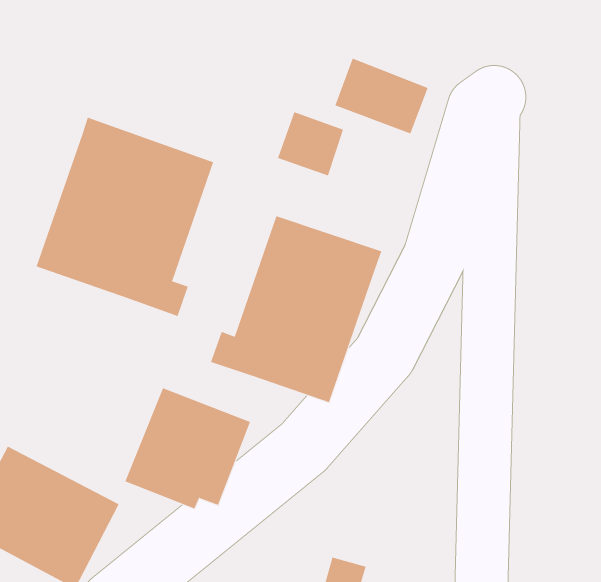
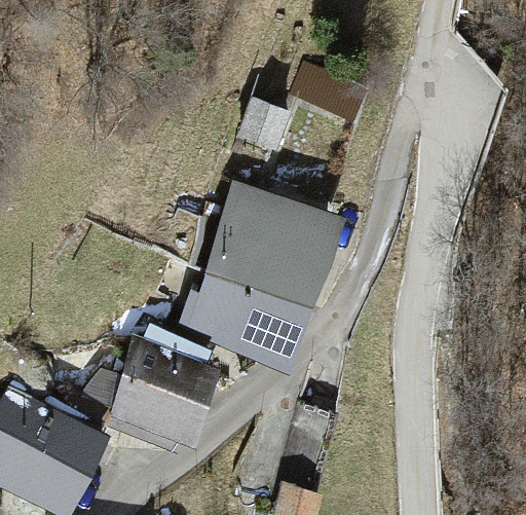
building: [36,117,214,317] -> none

